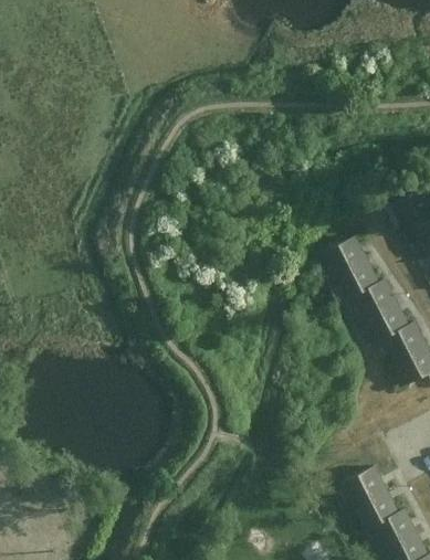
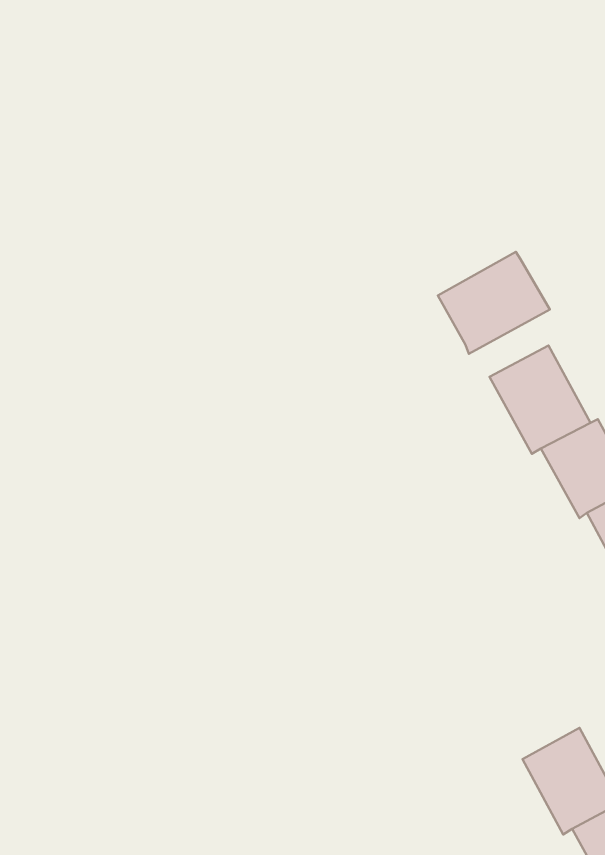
building: none -> [438,252,550,354]

